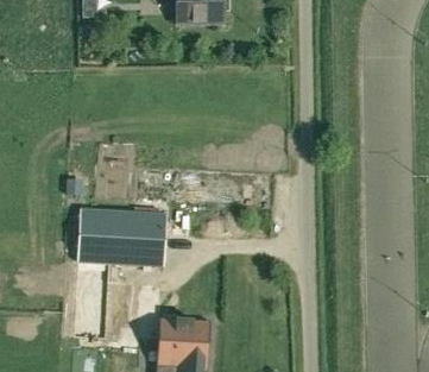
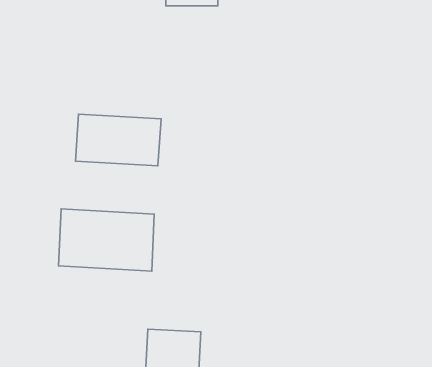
building: none -> [75,114,161,166]

